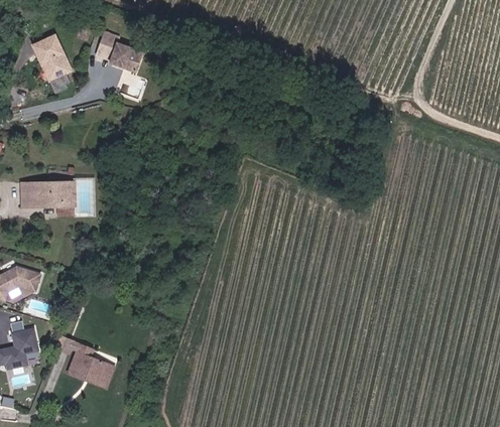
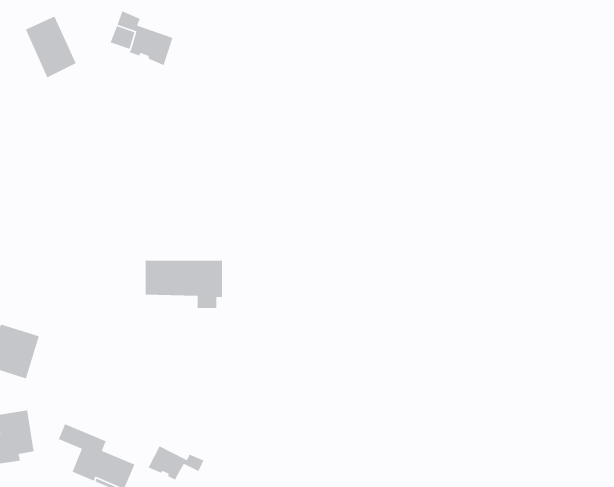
building: [20,180,78,217] -> [145,260,223,309]
building: none -> [148,445,205,481]

